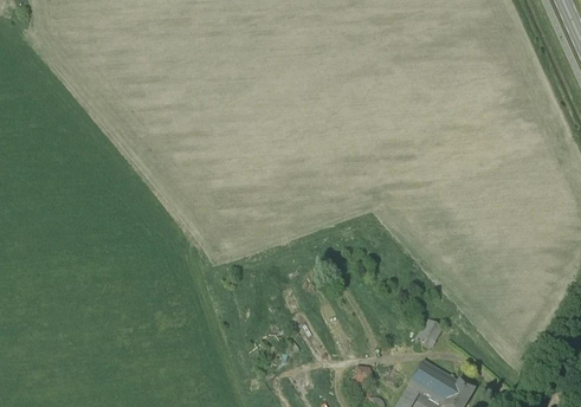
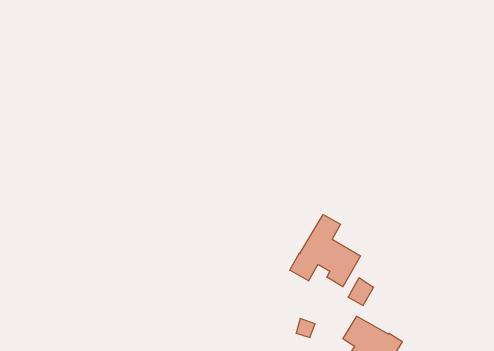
building: none -> [290,215,361,287]

